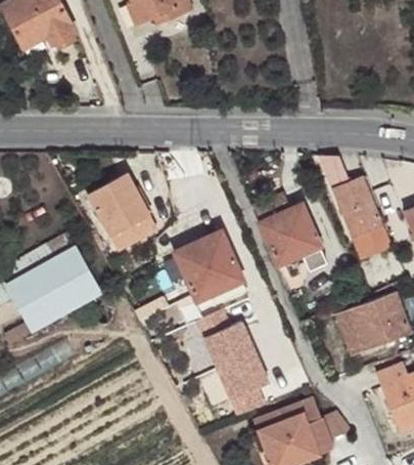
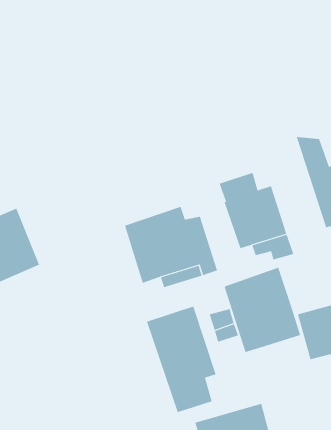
building: [86,172,157,250] -> none
building: none -> [224,267,301,353]

